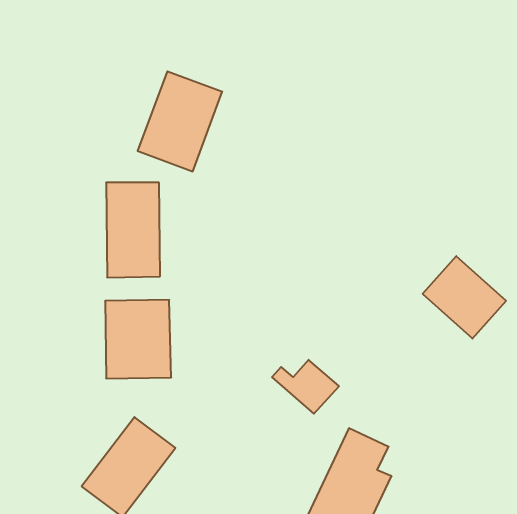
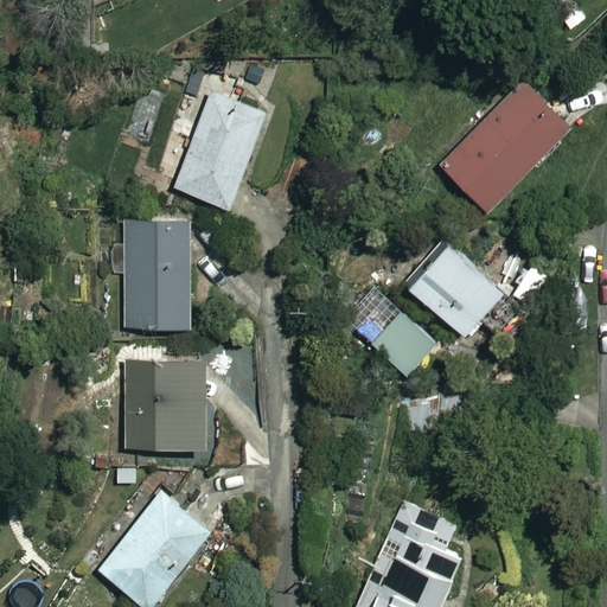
building: none -> [440,83,569,212]
building: [423,256,506,339] -> [403,239,500,336]
building: [272,360,339,414] -> [358,314,436,377]

